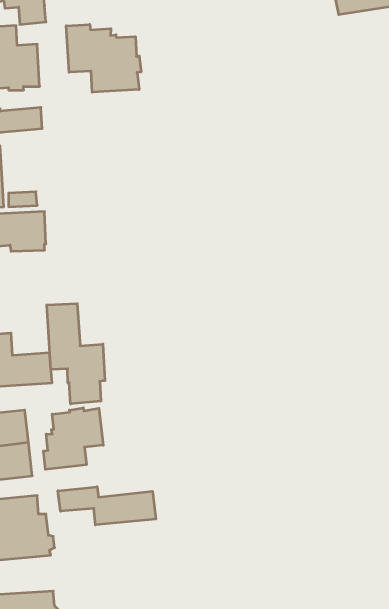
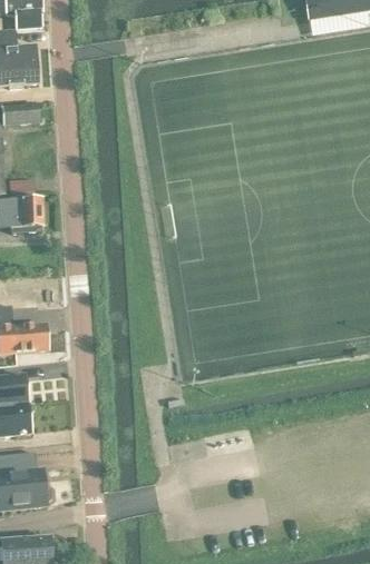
building: [66,24,141,92] -> none
building: [47,304,105,404] -> none
building: [43,408,103,469] -> none
building: [58,487,156,525] -> none

